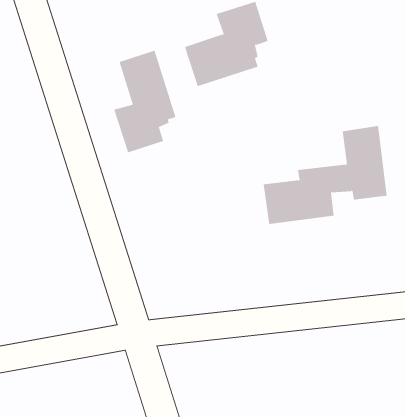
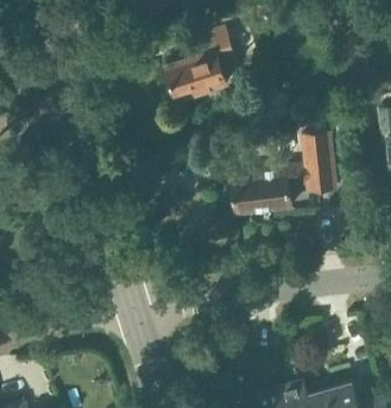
building: [114,50,176,153] -> none

